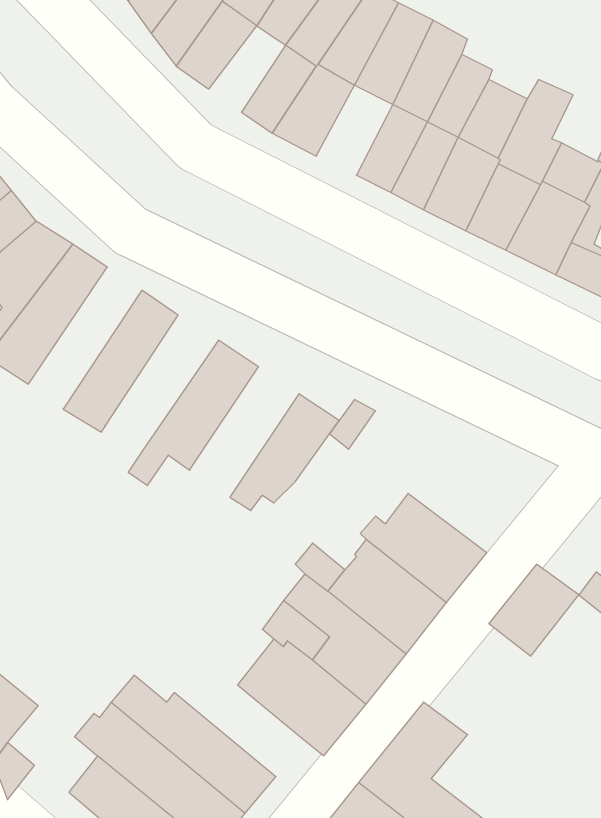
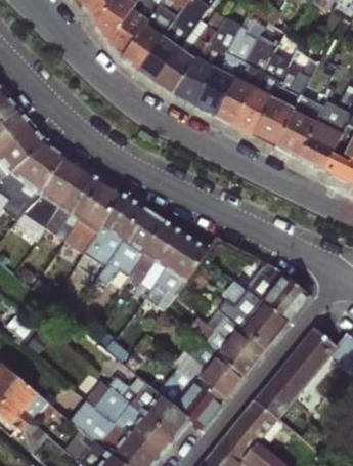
building: none -> [139,39,180,85]
building: none -> [196,71,237,119]
building: none -> [43,168,103,244]
building: none -> [84,194,144,265]
building: none -> [129,221,187,291]
building: none -> [247,263,310,321]
building: none -> [254,358,311,418]
building: none -> [107,361,190,440]

